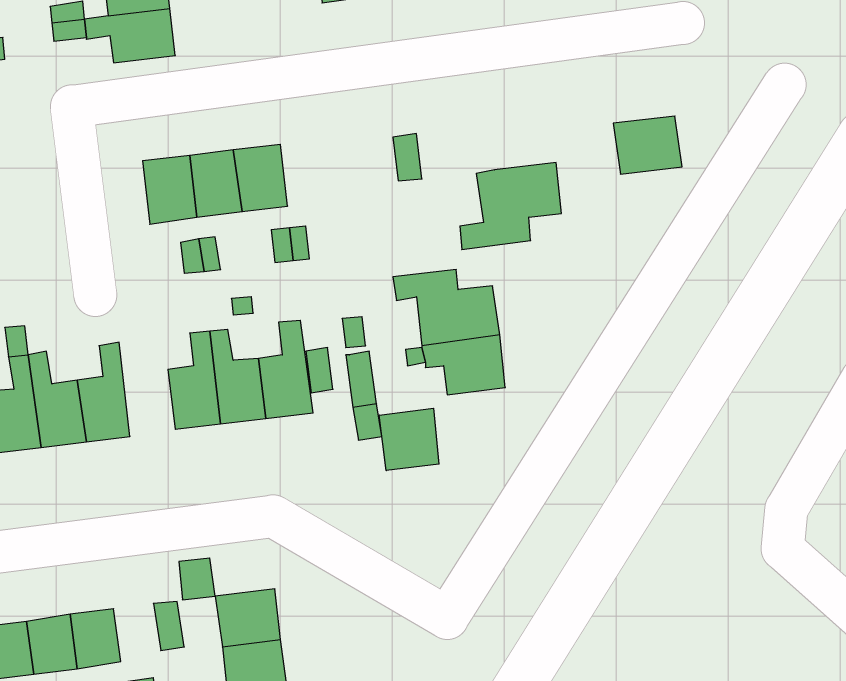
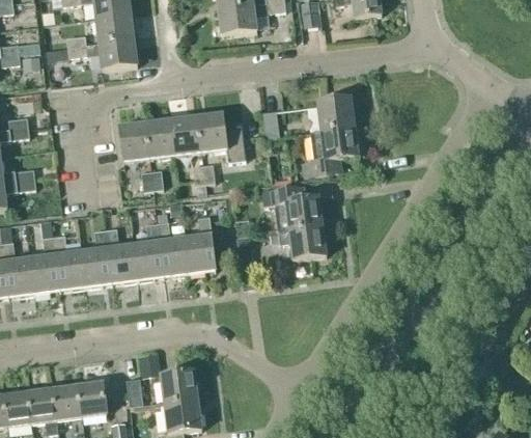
building: [613,116,682,174] -> [315,98,355,131]
building: none -> [197,113,245,162]
building: none -> [105,228,137,283]
building: [379,408,439,471] -> none

